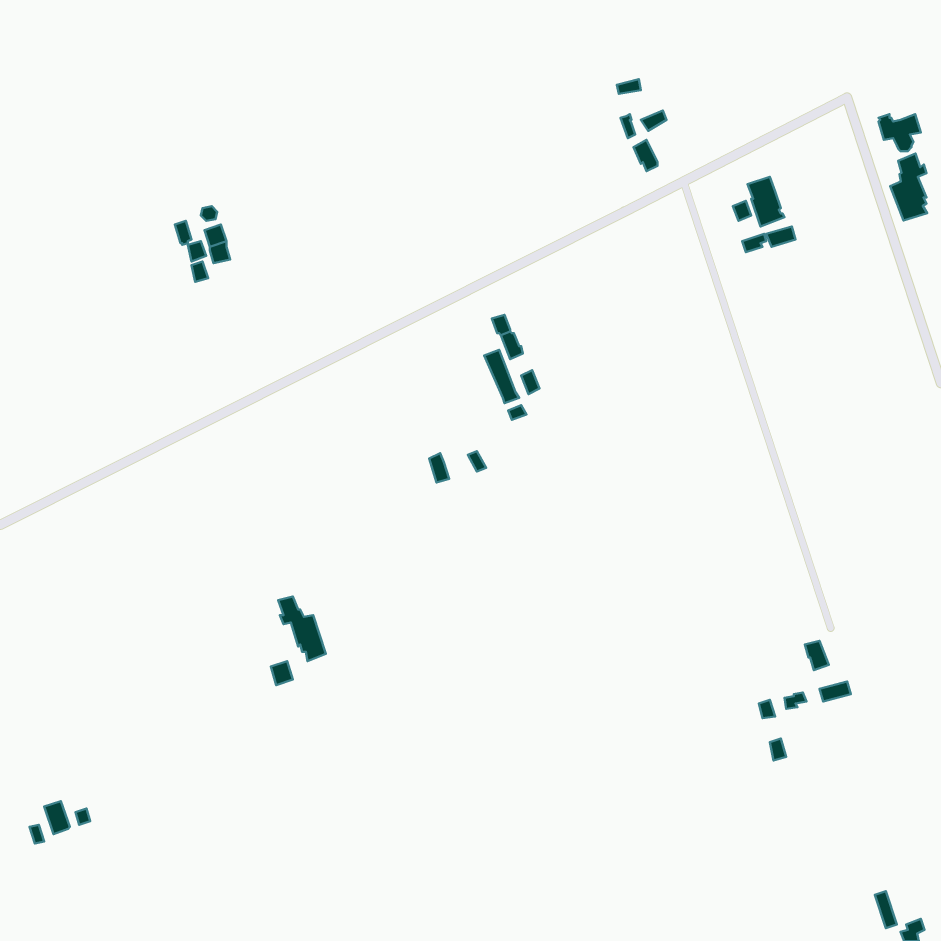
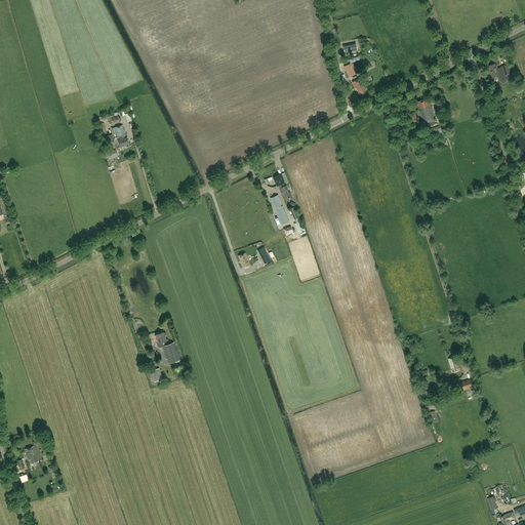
building: [890,154,927,220] -> none

